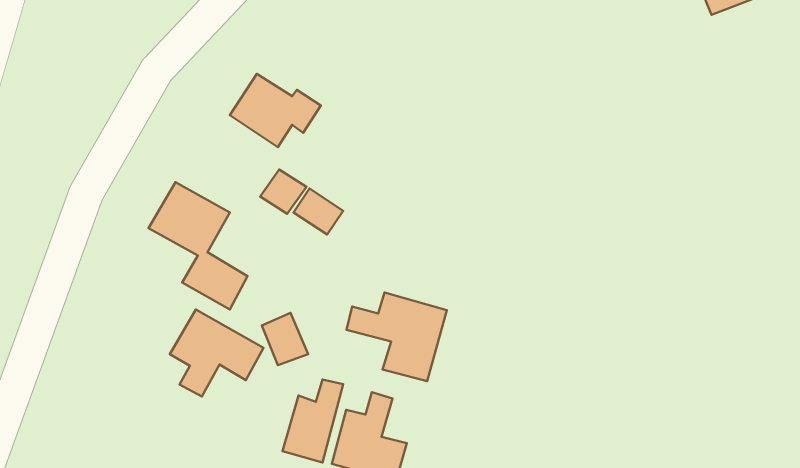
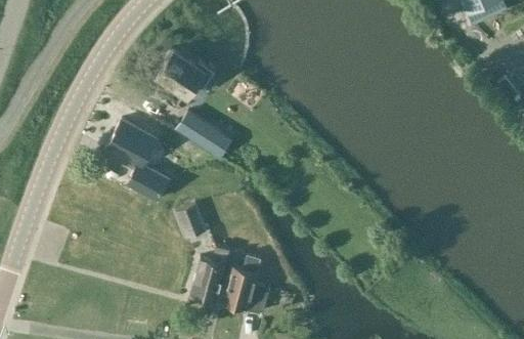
building: [346,292,447,381] -> none
building: [170,310,263,396] -> none

